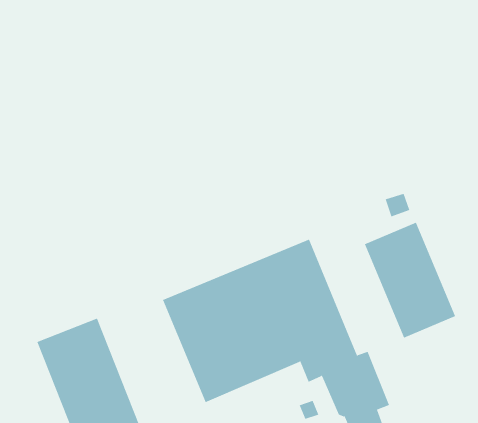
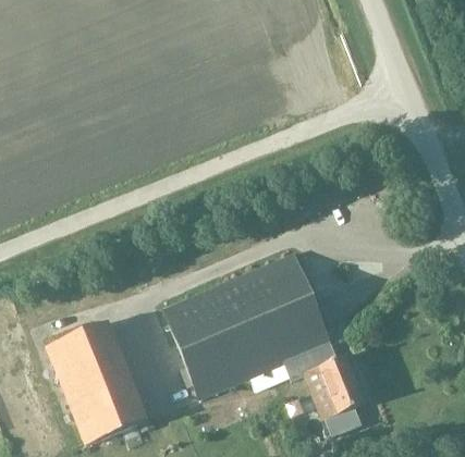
building: [364,222,456,338] -> none

